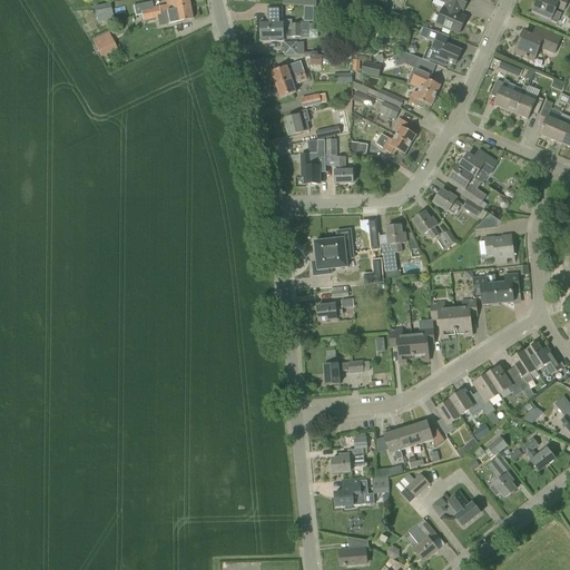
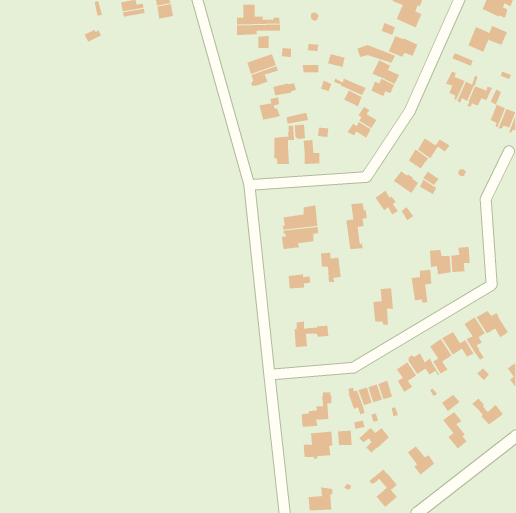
building: [485,233,513,261] -> none
building: [431,301,456,336] -> none
building: [390,327,413,361] -> [320,252,341,282]

